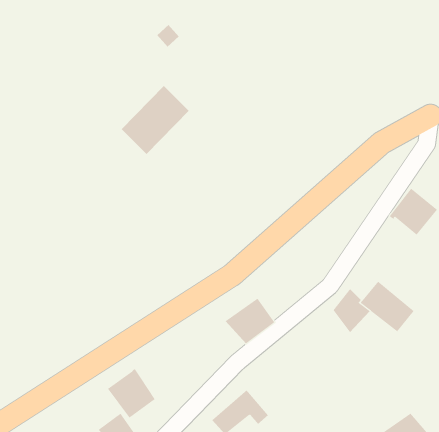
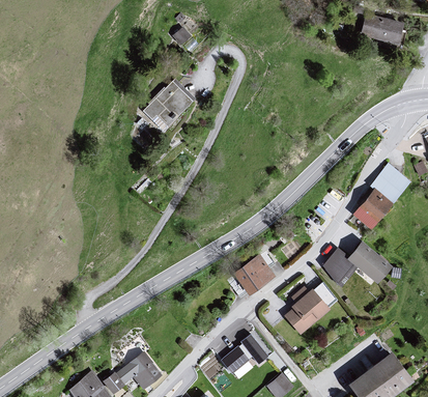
building: none -> [364,17,409,42]
building: none -> [354,187,395,229]
building: none -> [283,289,331,335]
building: [107,368,156,418] -> none

